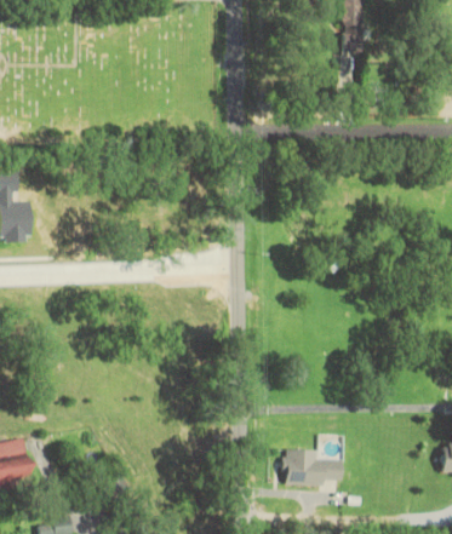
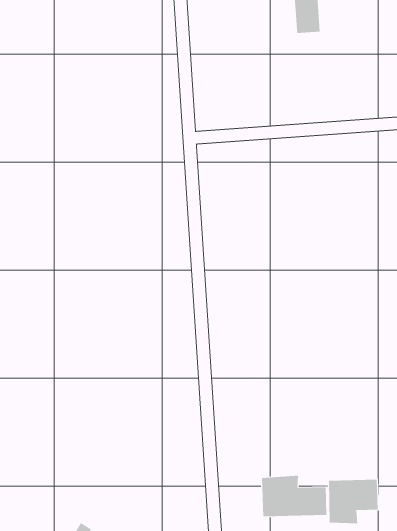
building: none -> [328,479,378,524]

